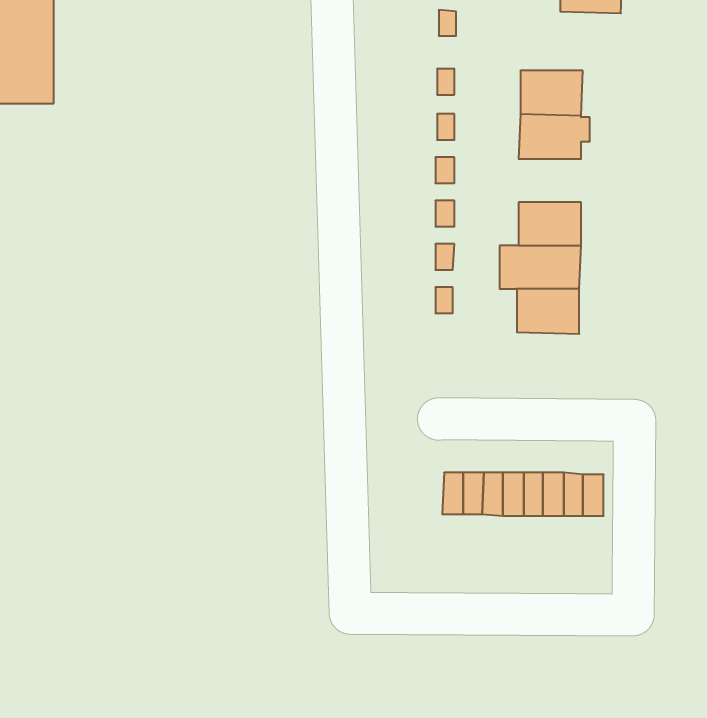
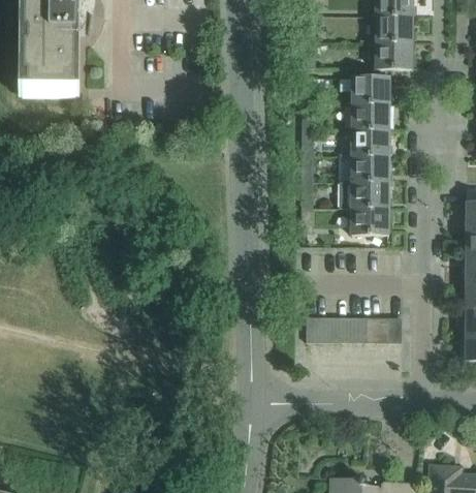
building: none -> [376,43,412,70]
building: none -> [351,131,388,157]

